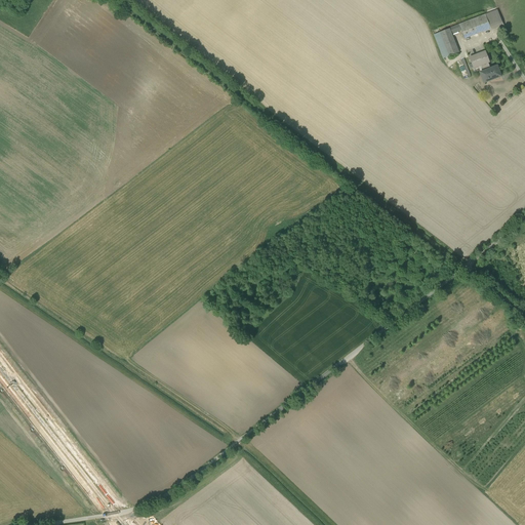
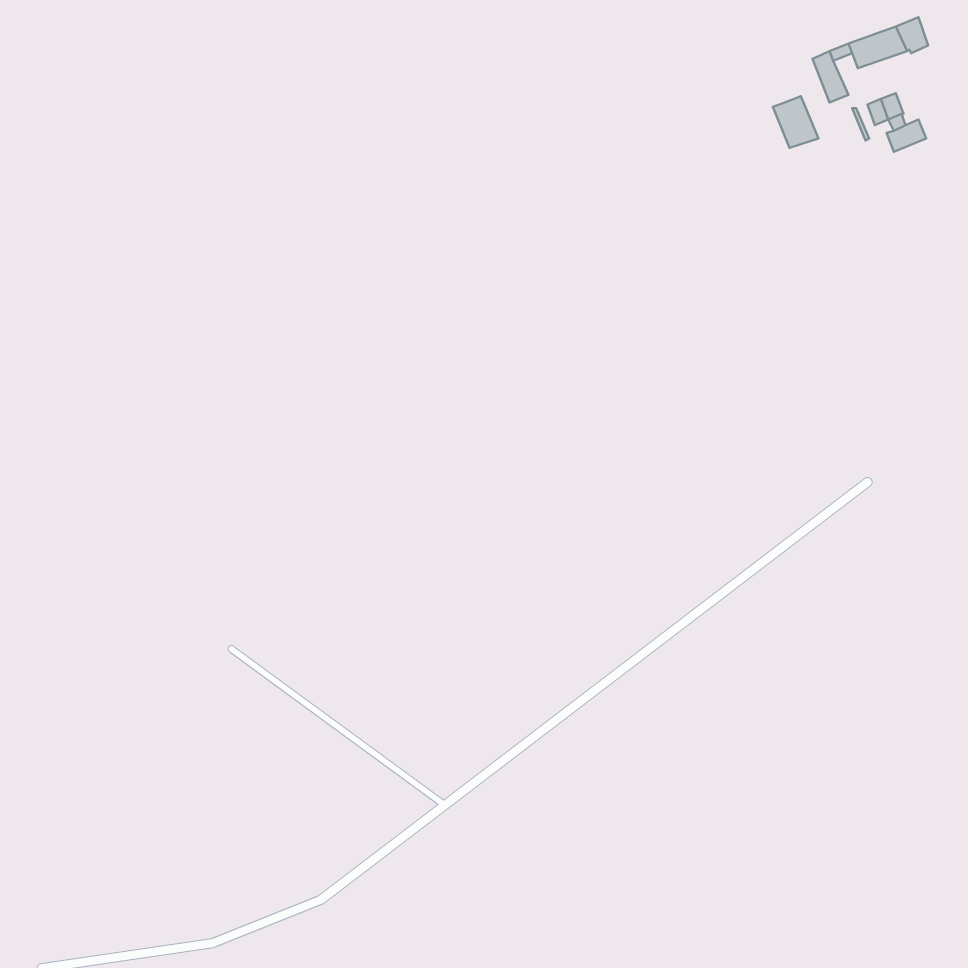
building: none -> [773,96,818,148]

